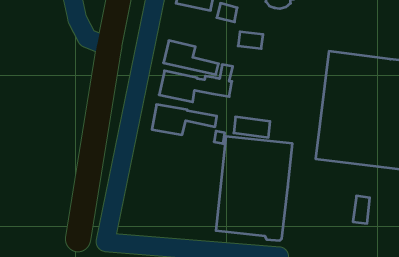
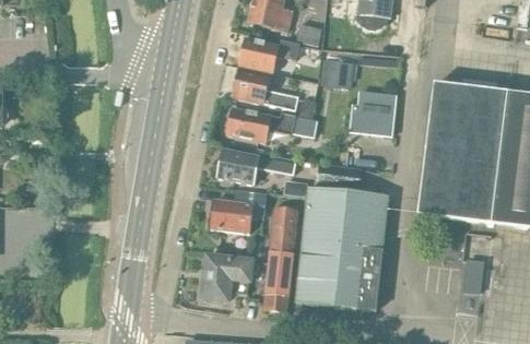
building: none -> [237,37,299,73]
building: none -> [350,103,396,135]
building: none -> [211,189,267,234]
building: none -> [262,206,298,310]
building: none -> [201,254,251,300]

